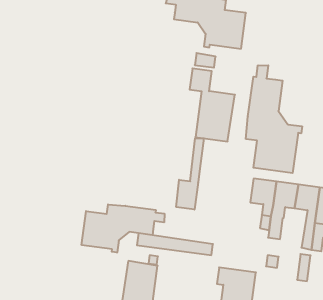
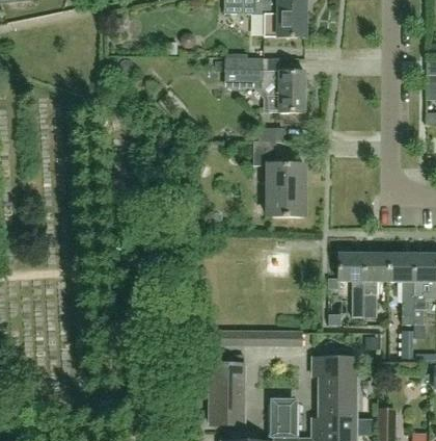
building: [246,65,302,173] -> none
building: [176,138,204,210] -> none
building: [82,204,164,253] -> none

